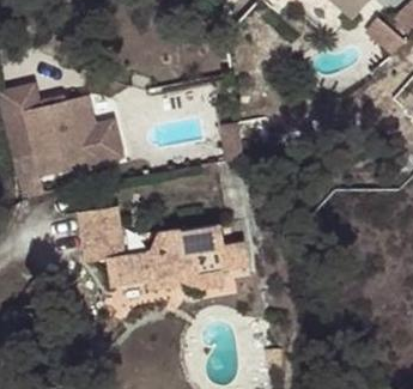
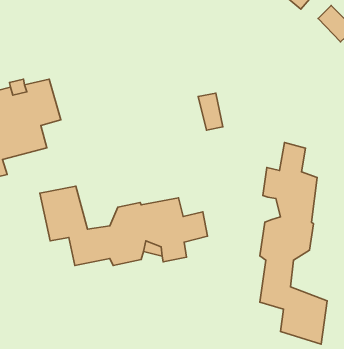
building: none -> [260,142,327,344]

